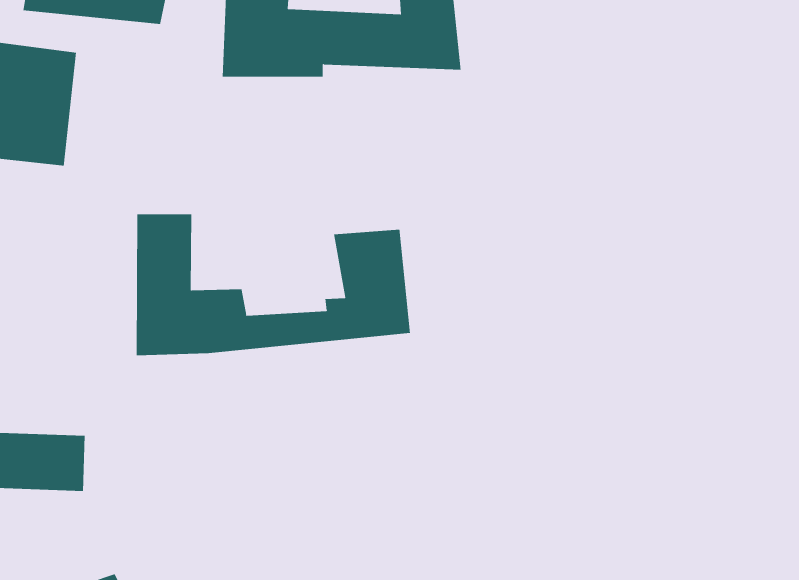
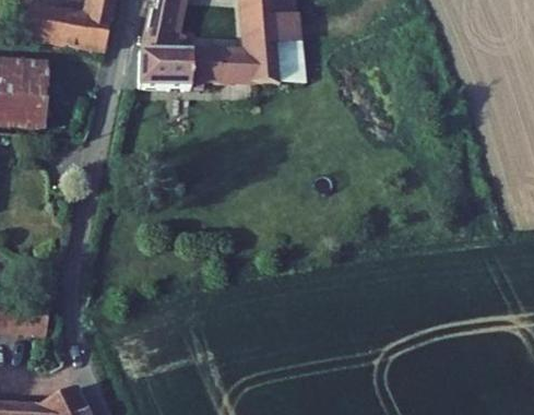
building: [136,213,411,356] -> none

